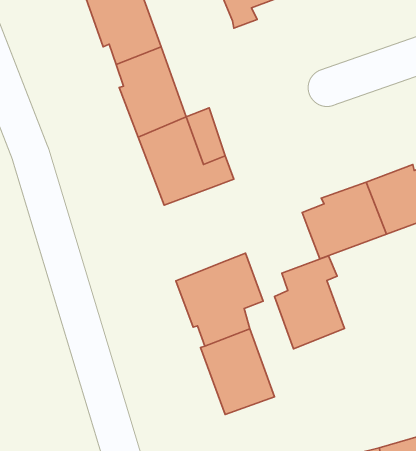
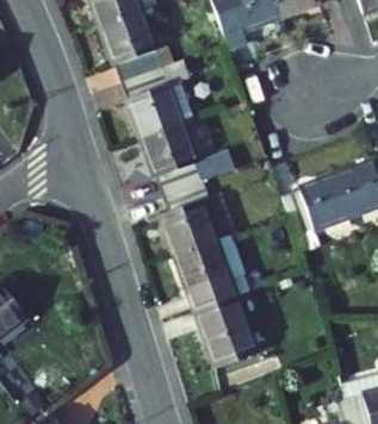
building: [275,256,344,349] -> [165,181,222,257]

